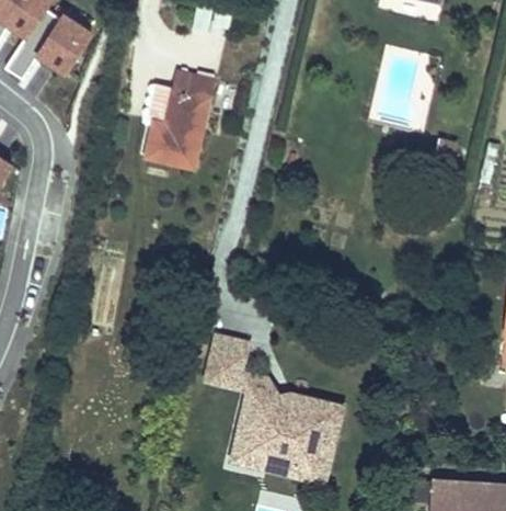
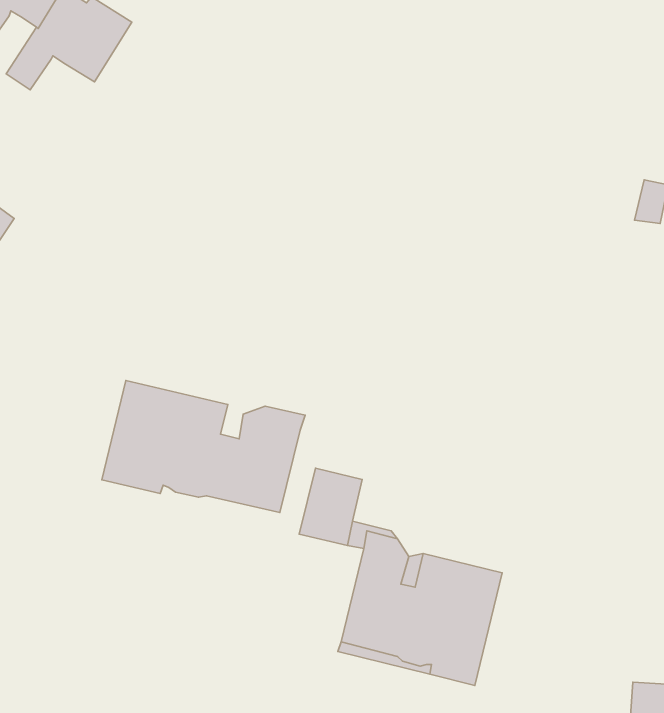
building: [146,72,214,169] -> none
building: none -> [102,380,305,512]

